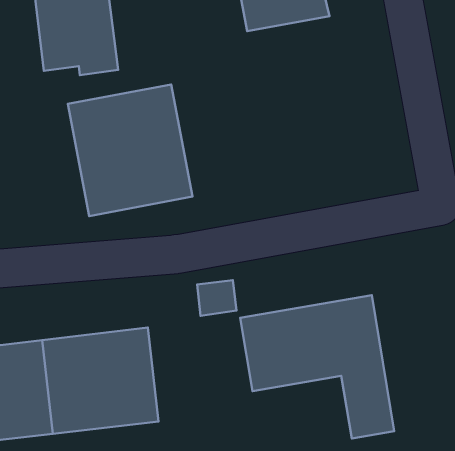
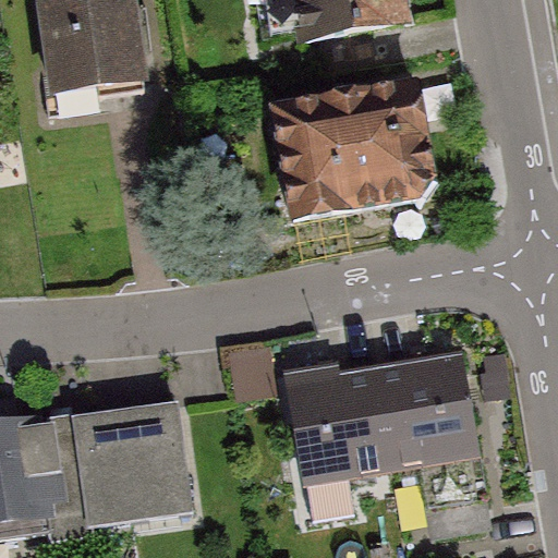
building: none -> [271,82,428,219]
building: [68,85,193,216] -> none

